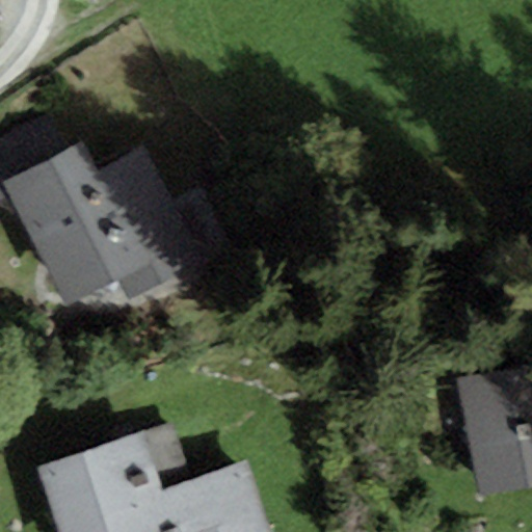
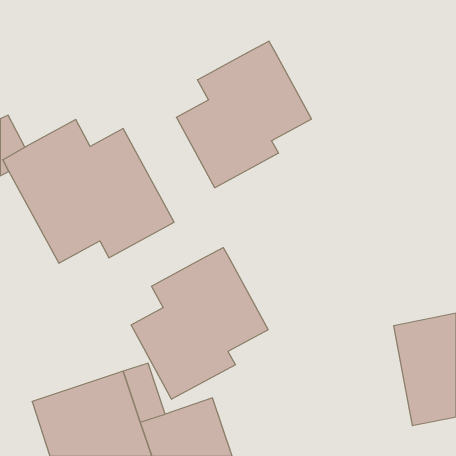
building: none -> [176,41,311,188]
building: none -> [131,248,268,399]

